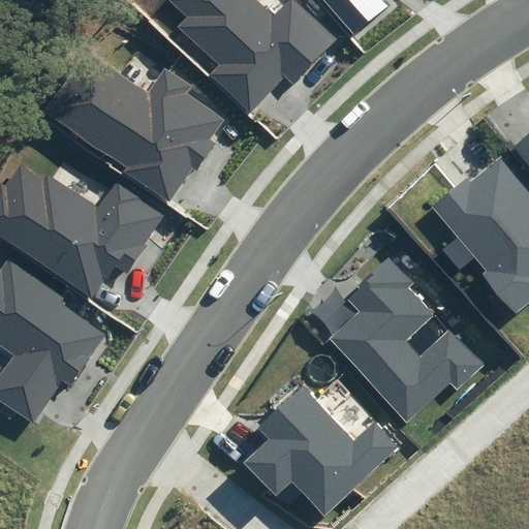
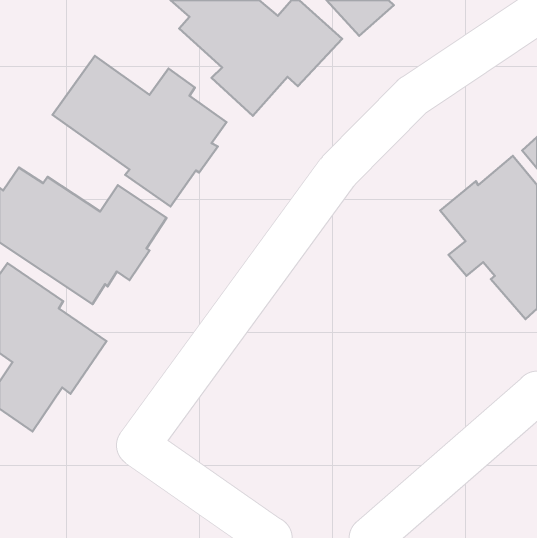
building: [329,258,485,424] -> none
building: [244,386,396,516] -> none

